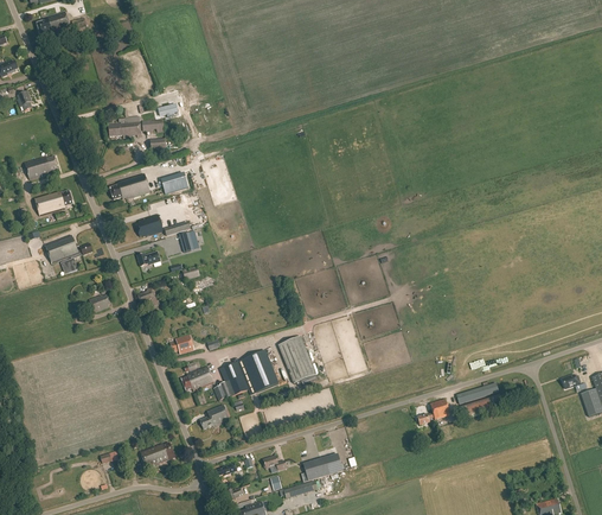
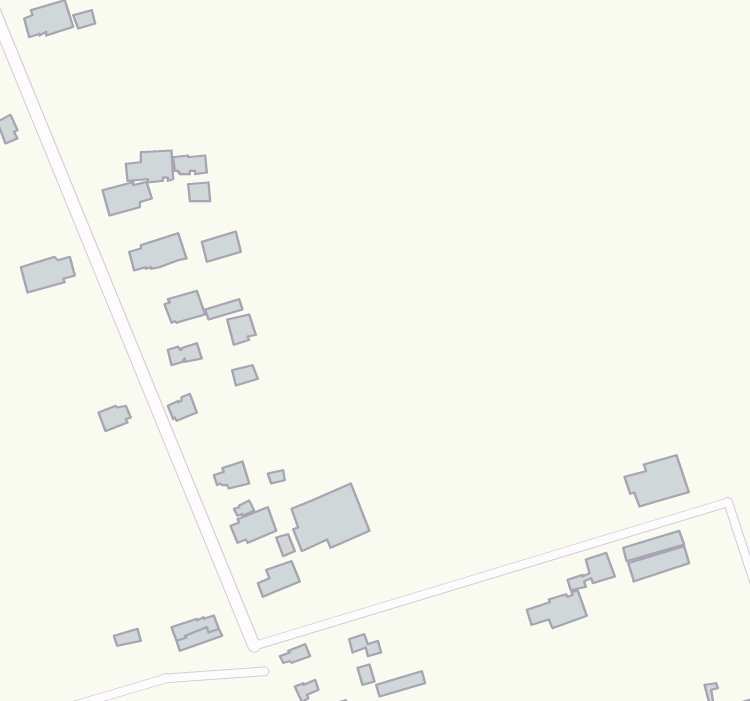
building: [25,155,59,179] -> [103,182,152,216]
building: [45,234,94,274] -> none
building: none -> [624,455,689,507]
building: [277,336,318,383] -> none
building: none -> [527,591,587,628]
building: [303,453,342,481] -> none

